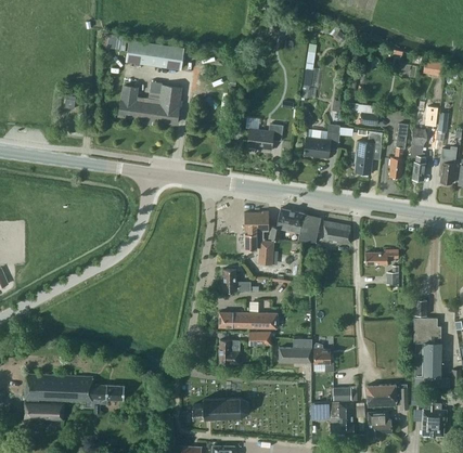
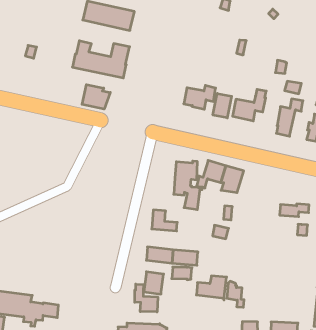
building: none -> [213,93,232,118]
building: none -> [82,85,110,109]
building: [323,221,351,244] -> none
building: none -> [135,284,158,312]

